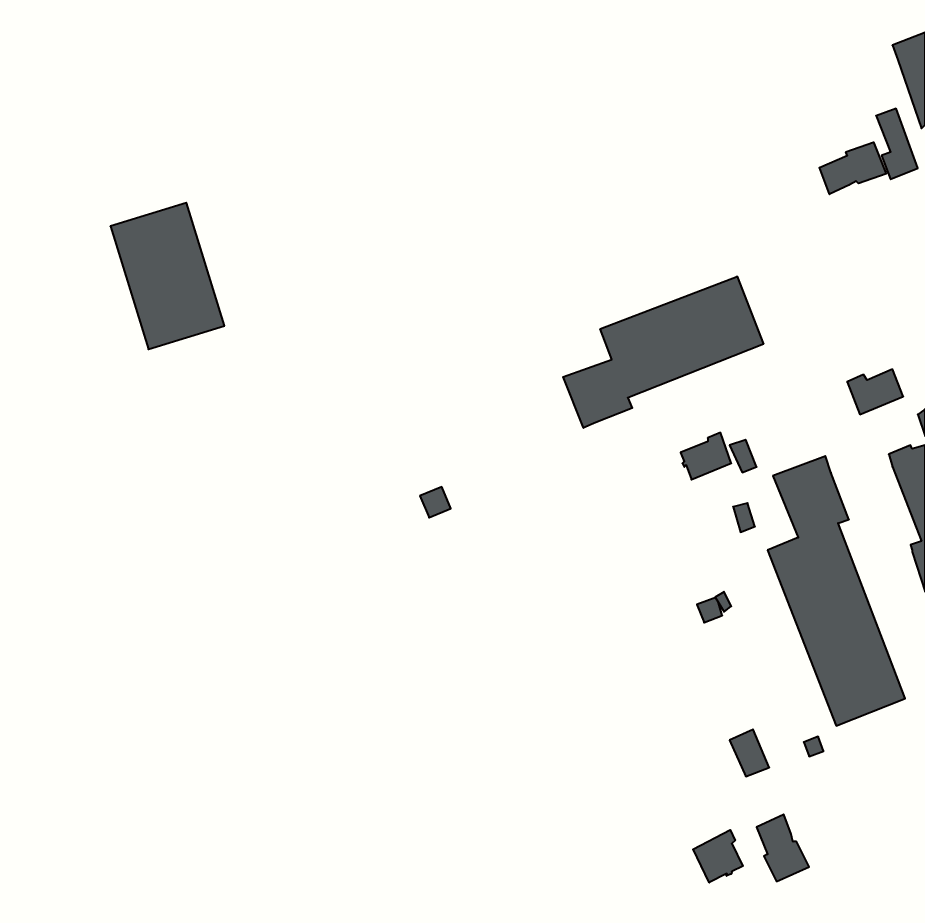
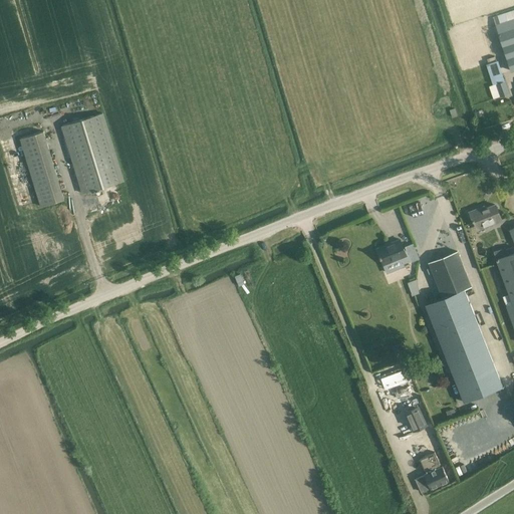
building: [819,142,886,194] -> none
building: none -> [19,133,64,208]
building: [563,276,763,428] -> none
building: [693,830,743,883] -> none

